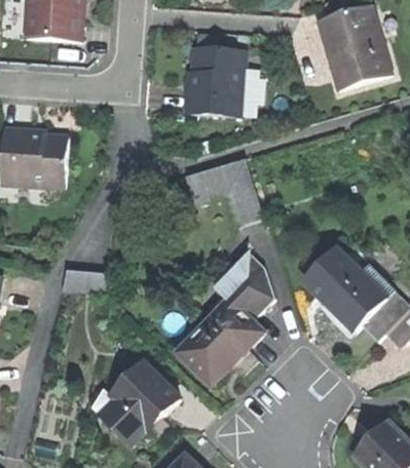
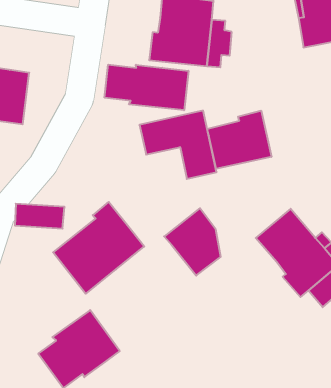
building: none -> [105,65,188,110]
building: none -> [207,111,271,169]
building: [173,294,262,386] -> [53,202,144,294]

